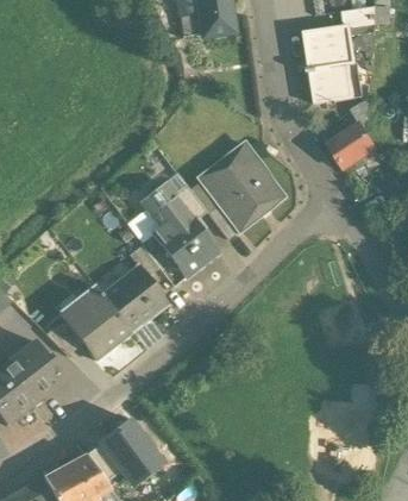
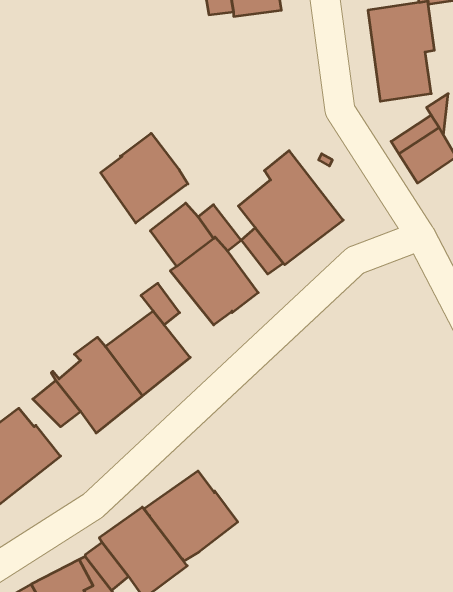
building: none -> [101,133,188,223]
building: none -> [144,471,238,561]

